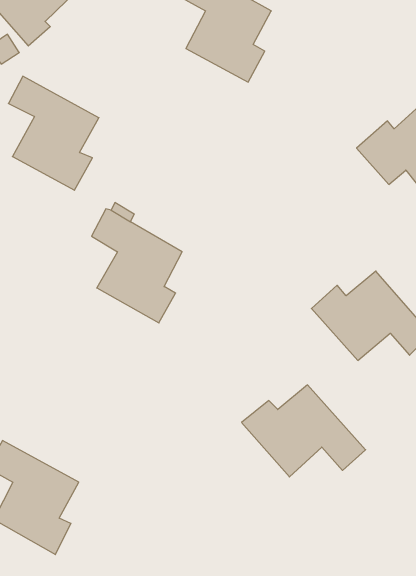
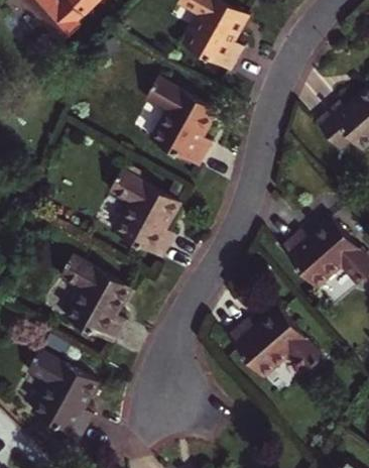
building: [8,76,99,190] -> [146,78,217,166]
building: none -> [59,254,131,344]

